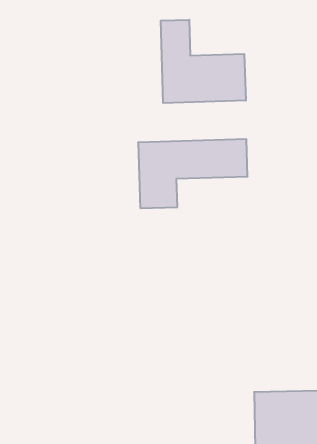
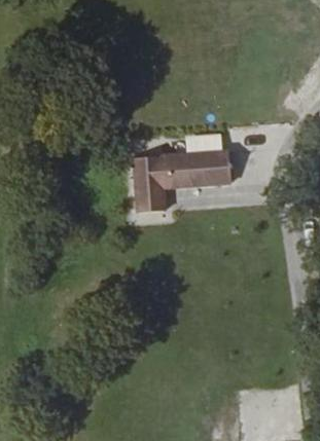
building: [161,20,246,103] -> none

